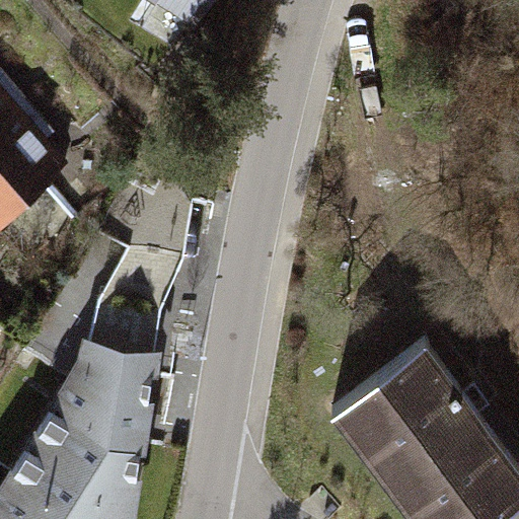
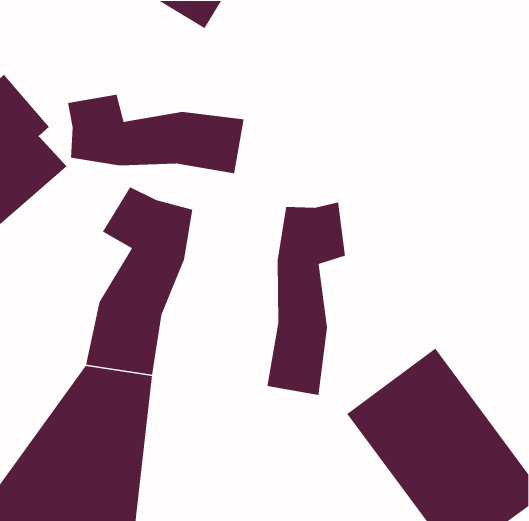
building: none -> [67,94,244,174]
building: none -> [267,201,346,396]

